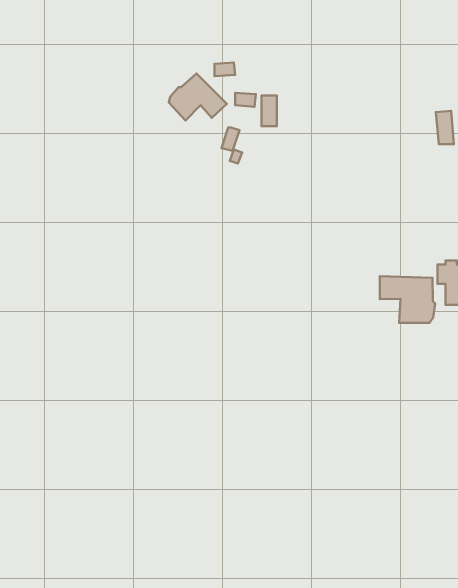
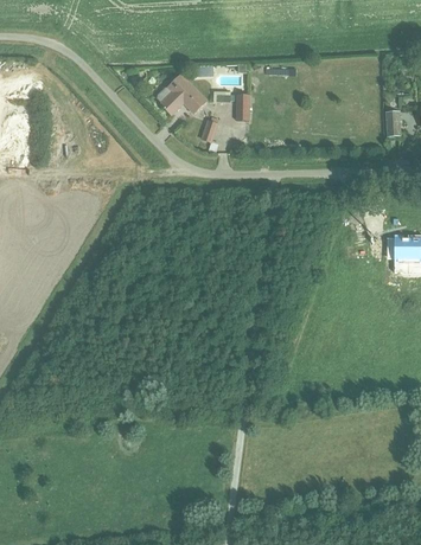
building: [380,276,435,323] -> none

